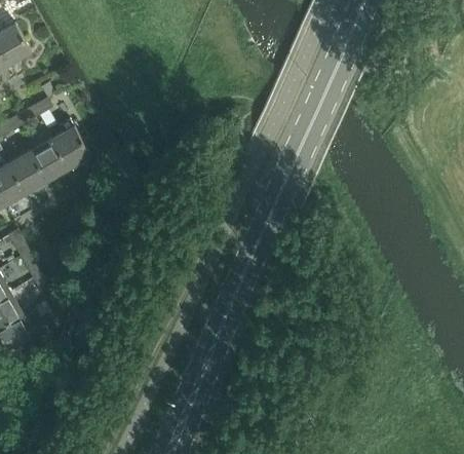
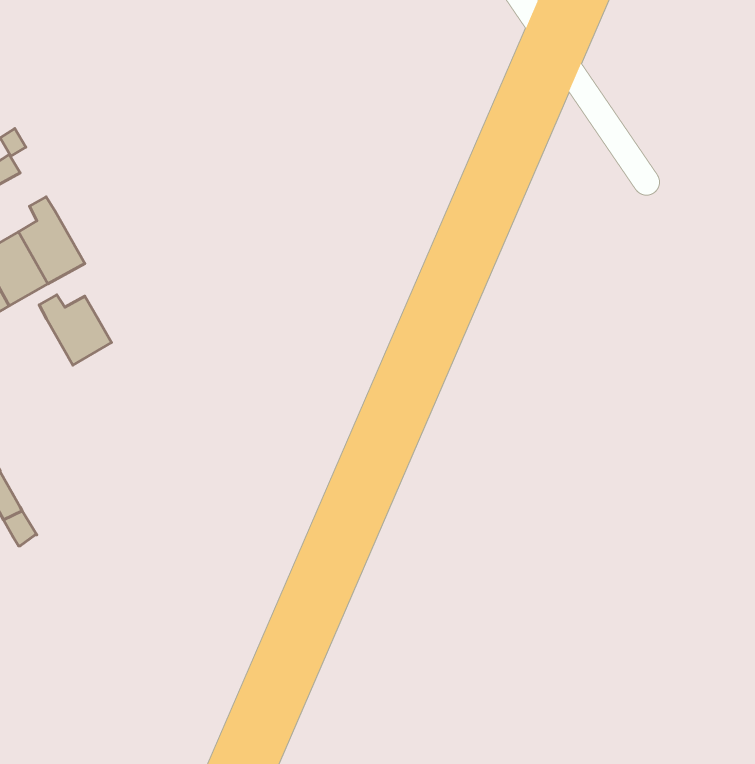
building: none -> [39,295,111,365]

